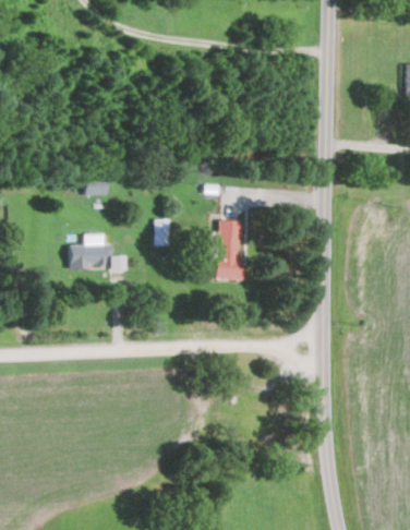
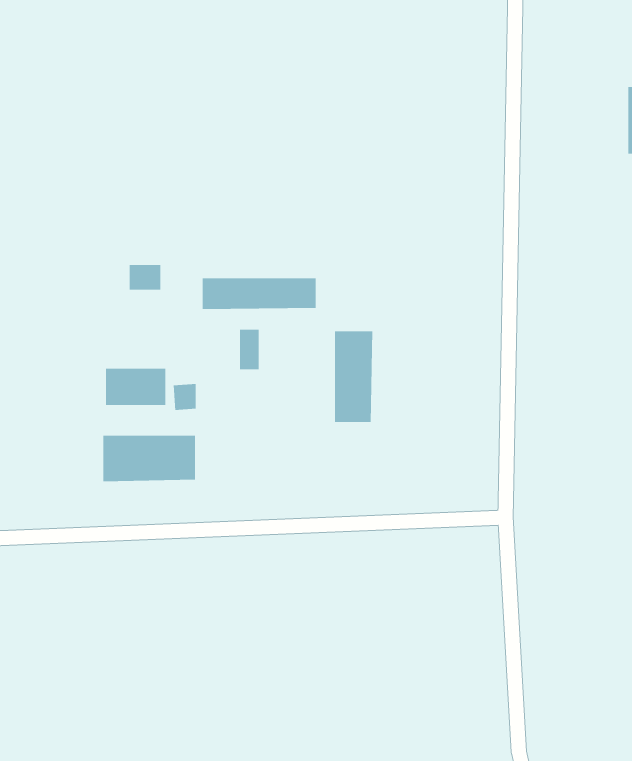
building: none -> [202,277,316,310]
building: none -> [103,435,196,482]

